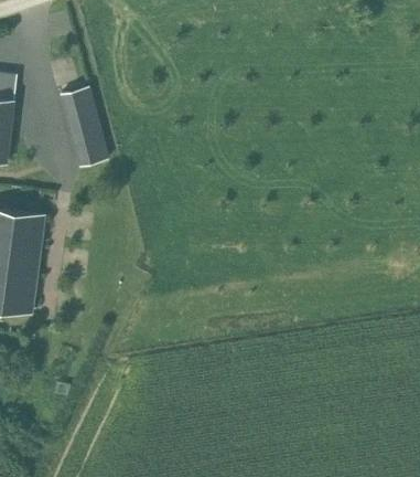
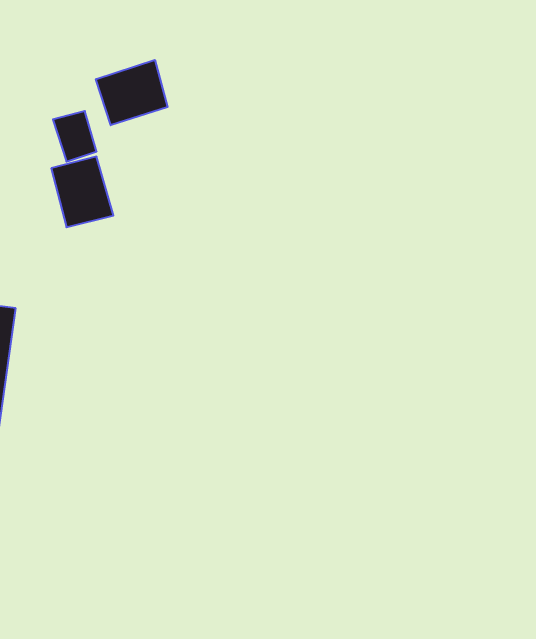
building: none -> [96,60,168,125]

